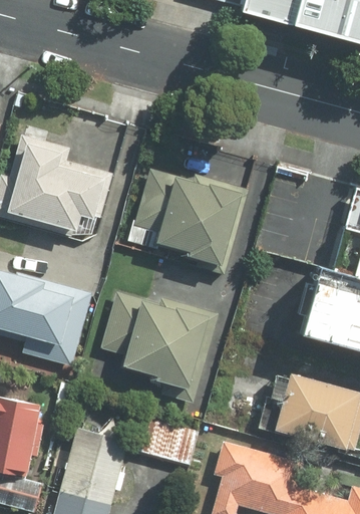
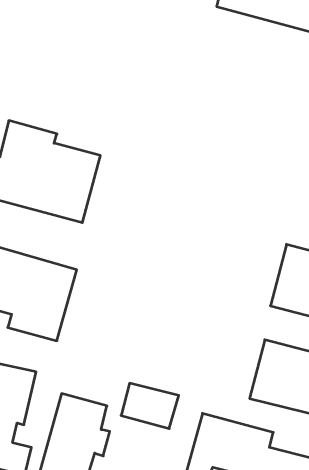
building: [123,164,249,279] -> none
building: [97,291,220,408] -> none

